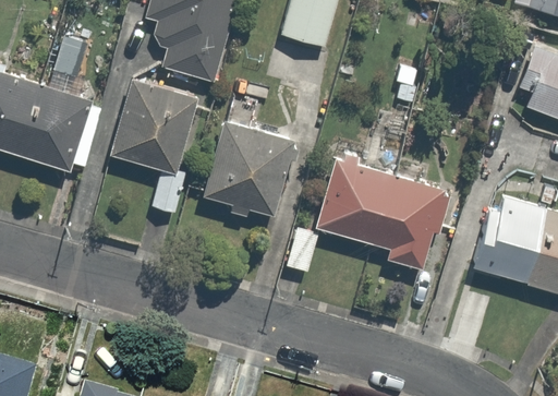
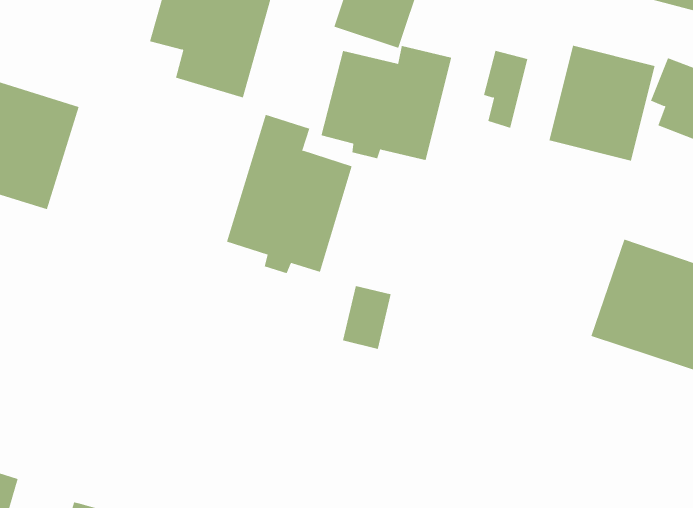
building: none -> [549,45,655,162]
building: none -> [321,45,452,161]
building: [106,73,197,214] -> none
building: [313,147,450,268] -> none

